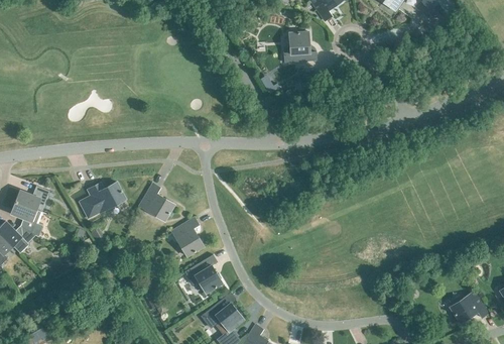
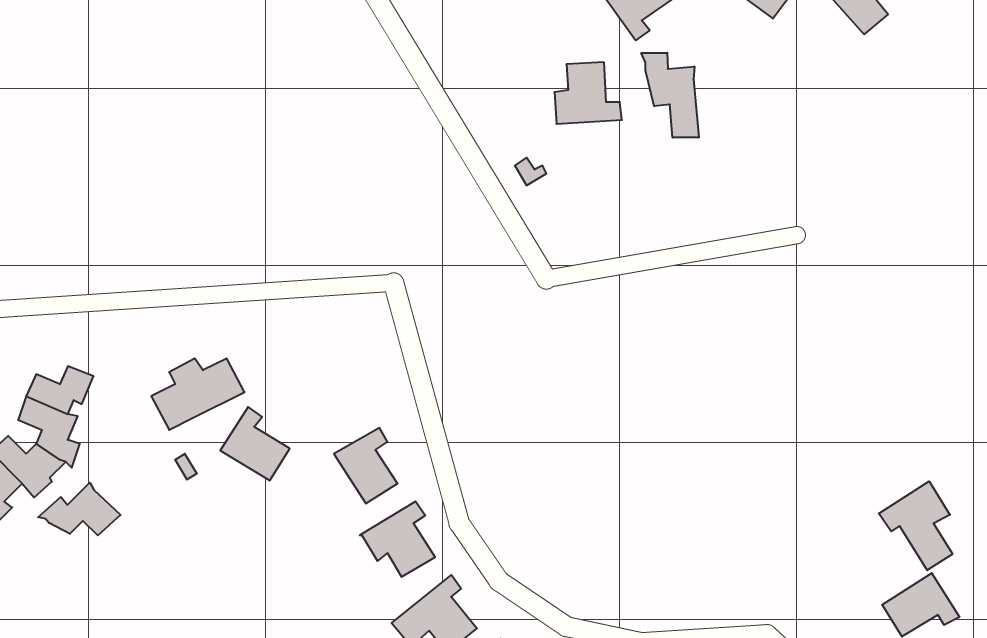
building: none -> [641,53,699,138]
building: [139,184,174,221] -> [220,407,290,480]
building: none -> [879,481,952,570]
building: none -> [38,483,121,535]

